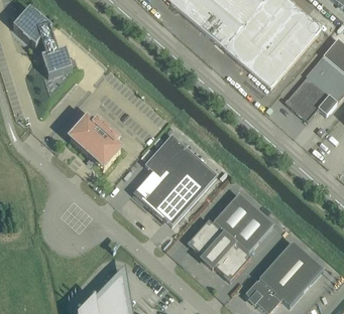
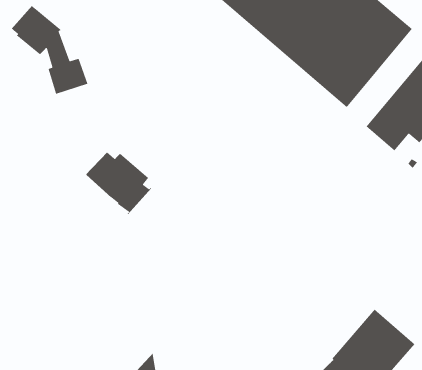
building: [132,133,217,223] -> none
building: [188,192,273,279] -> none

